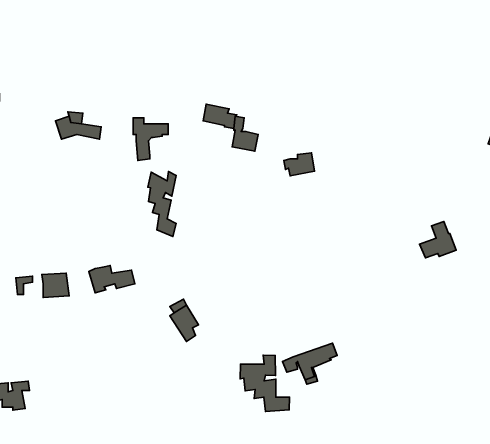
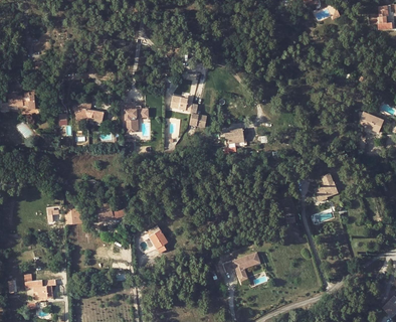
building: [148,171,176,236] -> none
building: [240,355,290,412] -> none

